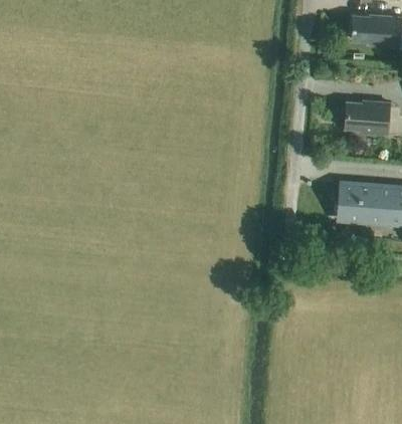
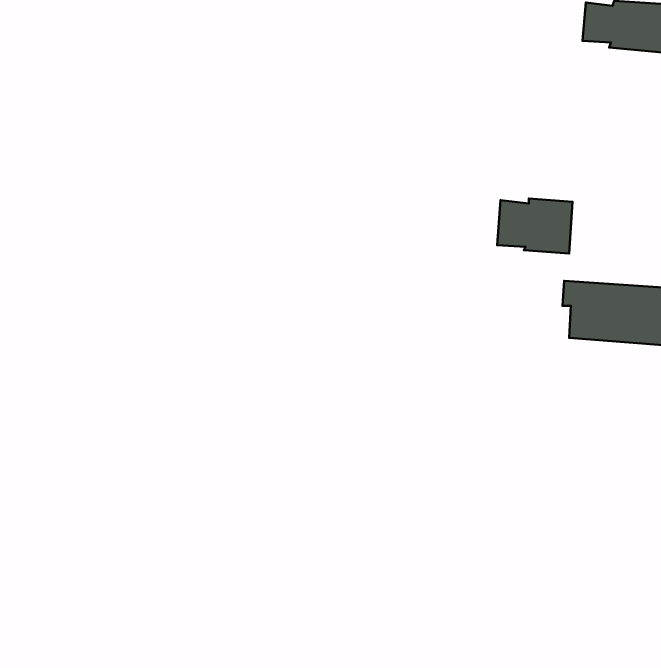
building: [345,101,390,135] -> [497,198,572,254]

